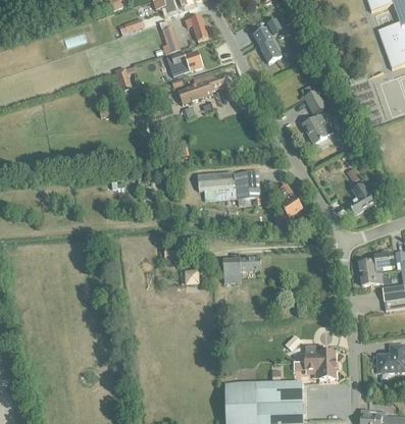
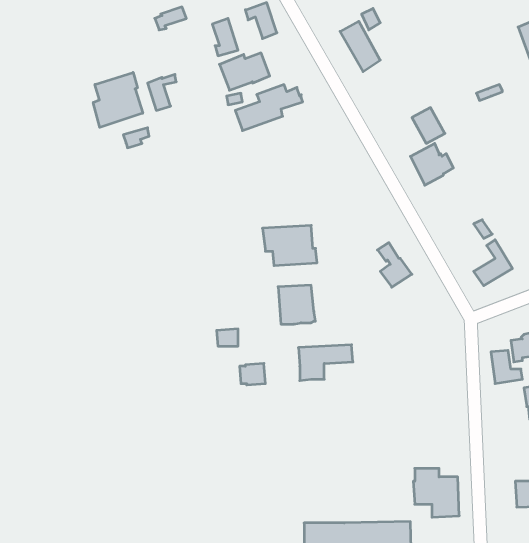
building: none -> [93,72,143,127]
building: [233,170,259,198] -> [278,285,315,324]

